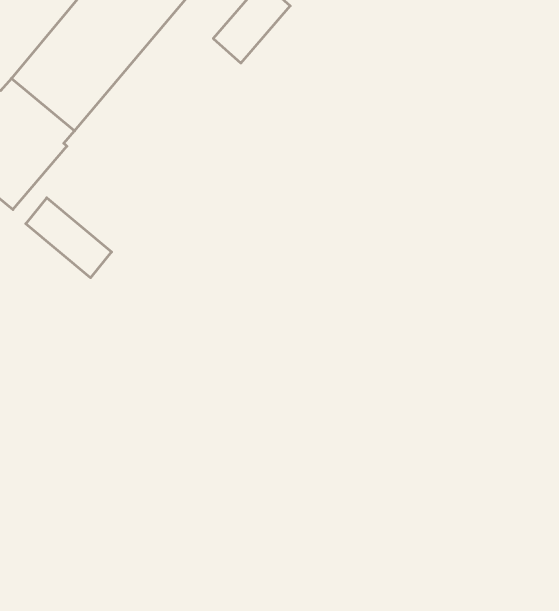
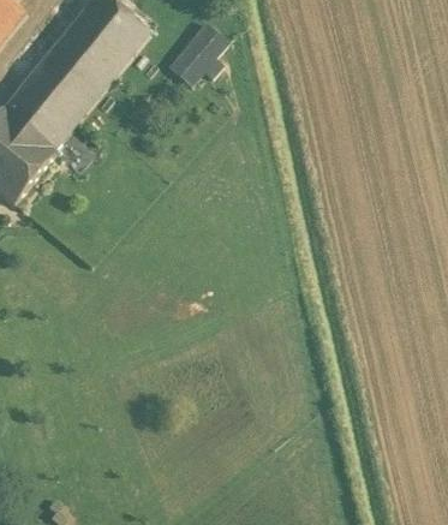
building: [26,198,112,278] -> none

